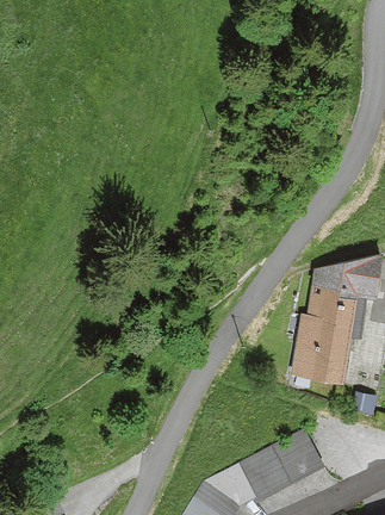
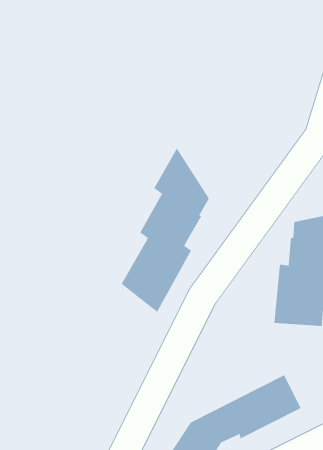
building: none -> [121,147,210,313]

